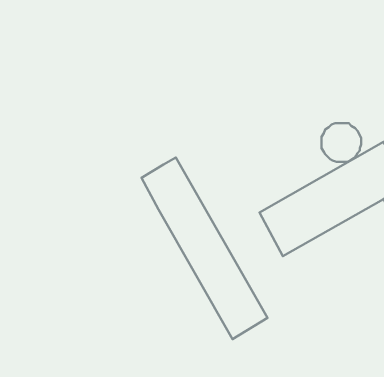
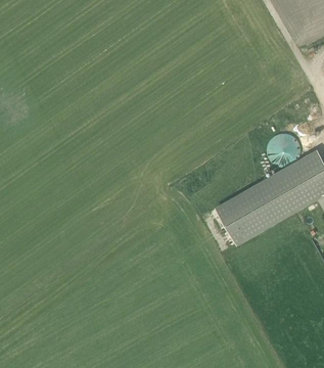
building: [142,158,267,339] -> none

